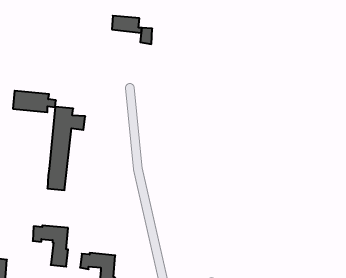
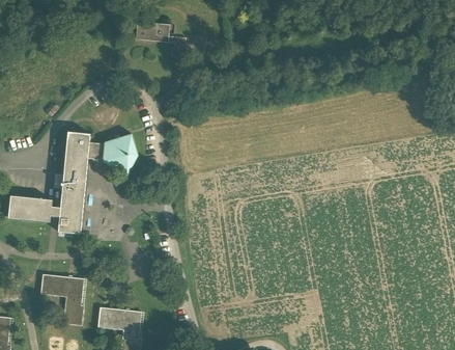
building: [13,91,56,112] -> [8,195,60,221]
building: none -> [102,133,137,176]

